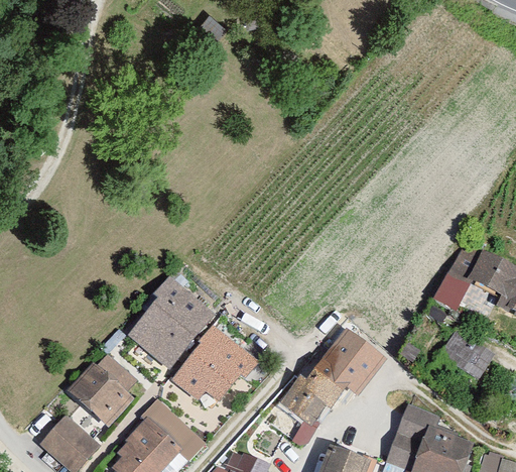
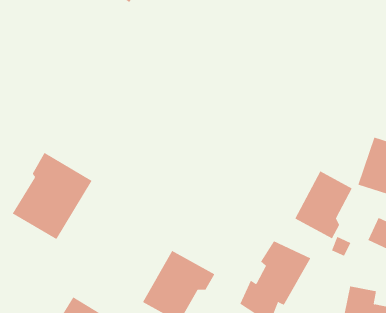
building: none -> [294,170,352,239]
building: [123,272,221,374] -> [12,152,92,240]

